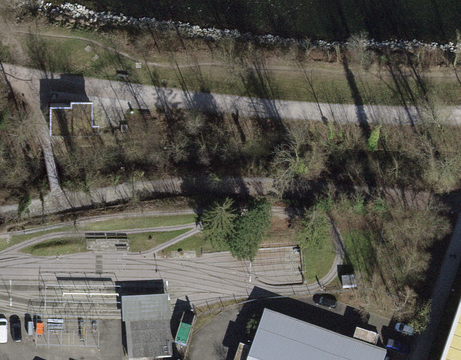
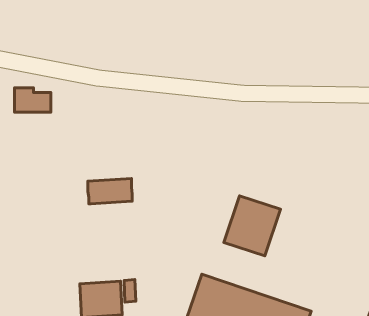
building: none -> [224,196,280,256]
building: [124,292,173,320] -> [88,178,132,204]

